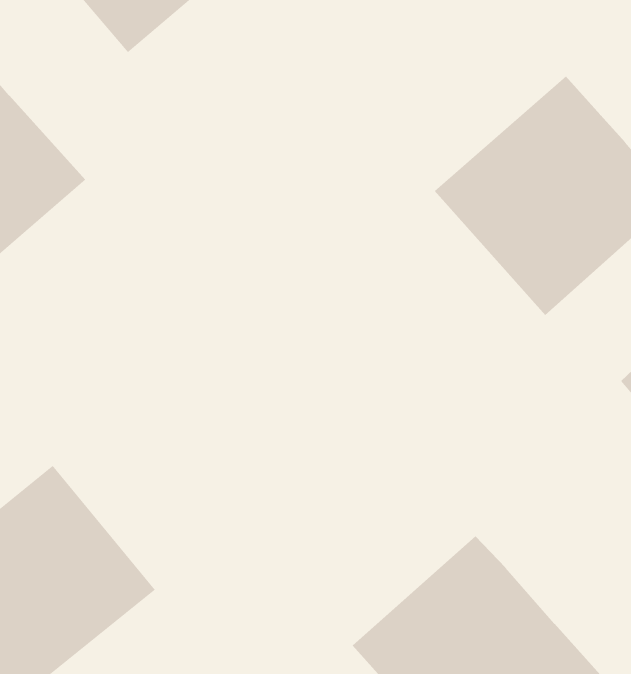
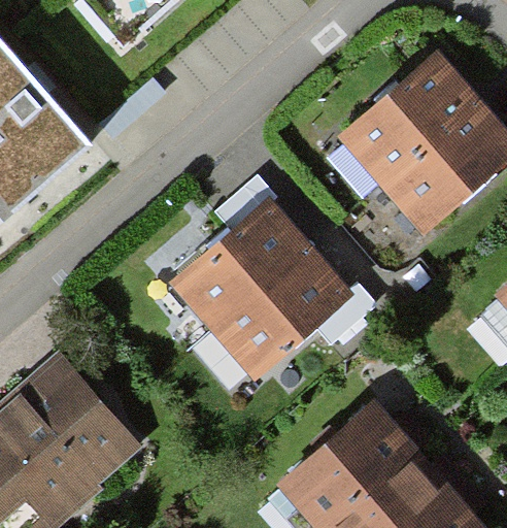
building: none -> [170,197,348,374]

